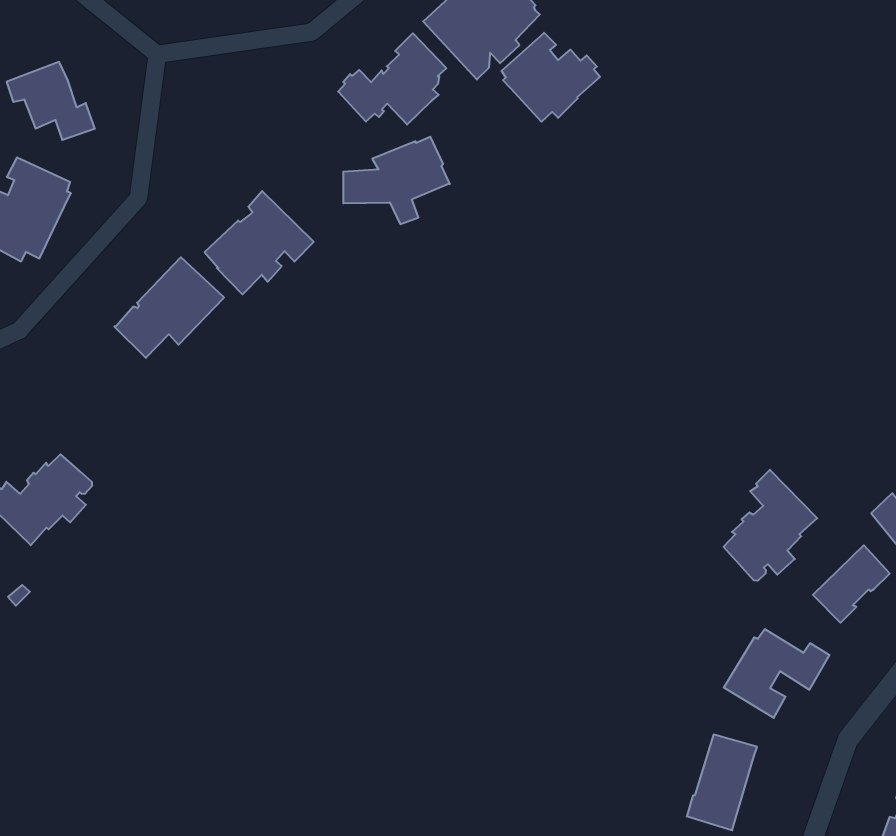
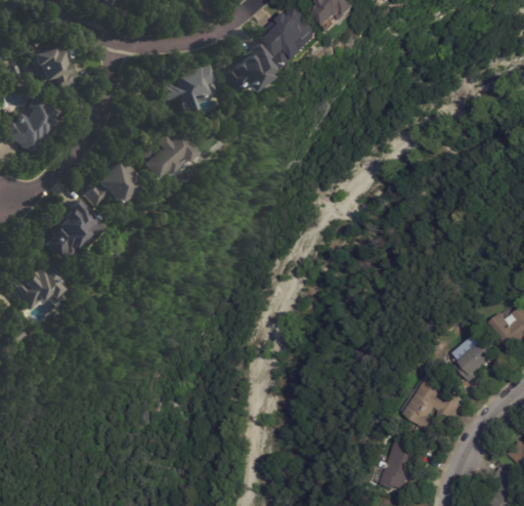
building: [502,33,600,122] -> none
building: [343,137,450,224] -> [152,66,212,113]
building: none -> [44,199,101,261]
building: [724,470,817,581] -> none

